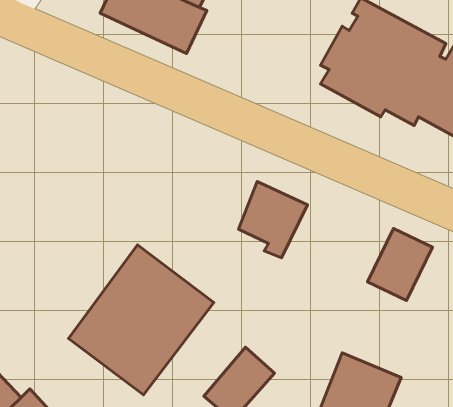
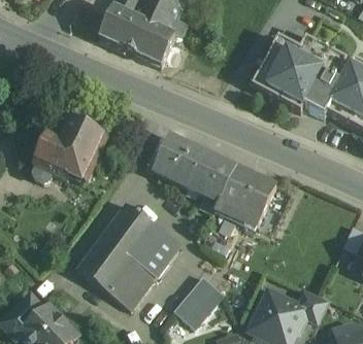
building: none -> [32,121,106,183]
building: none -> [154,137,211,192]
building: [368,229,432,301] -> [229,174,275,226]

